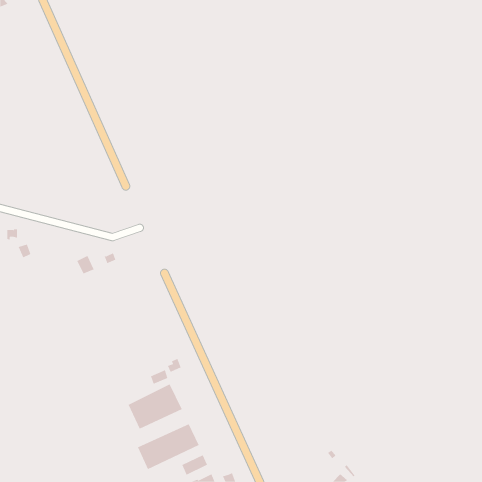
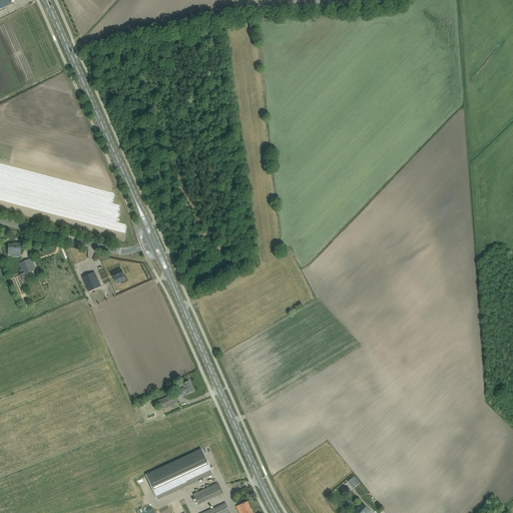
building: [128,384,182,430] -> none

